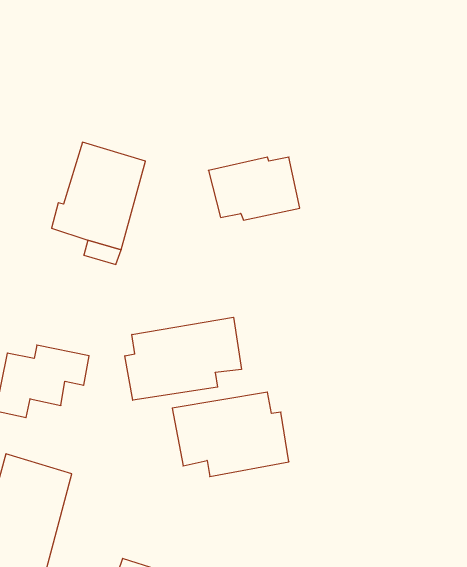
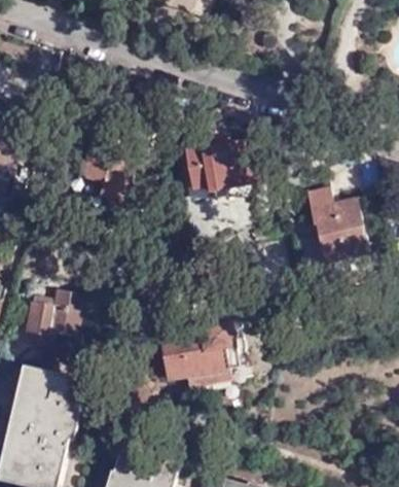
building: none -> [307,193,365,265]
building: [125,317,241,400] -> none

